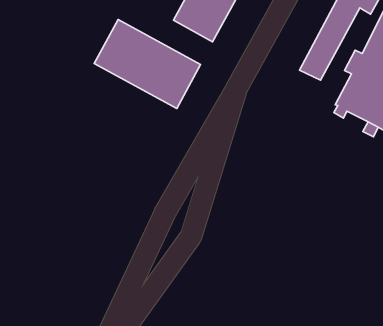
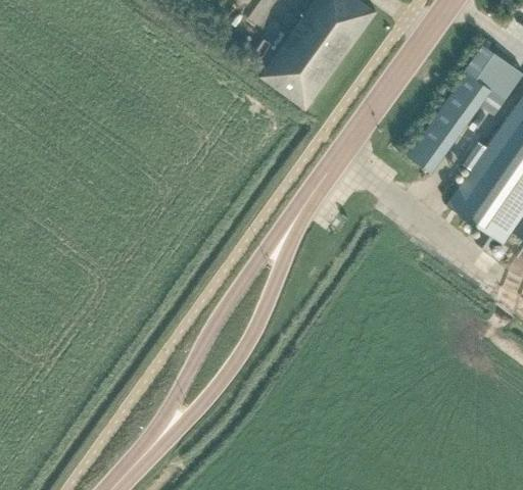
building: [94,19,201,108] -> none

